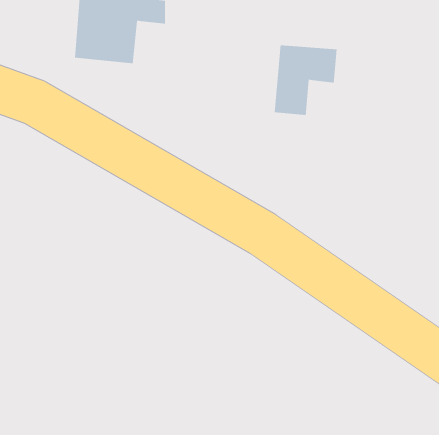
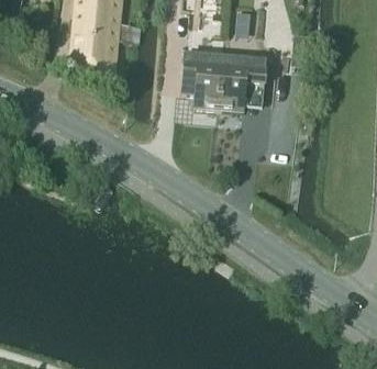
building: none -> [181,52,222,105]

